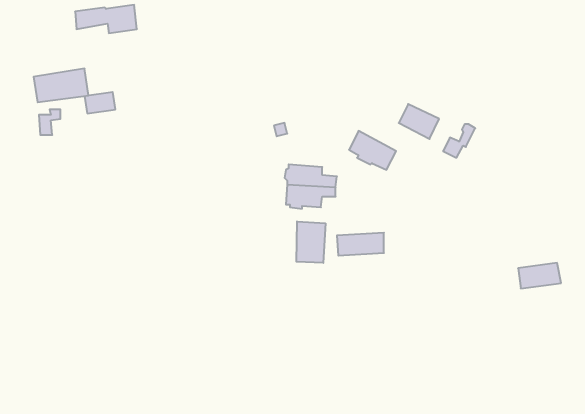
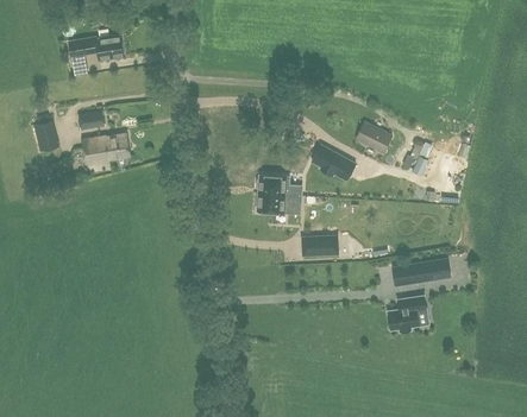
building: [34,69,89,102] -> [82,132,131,162]
building: [296,221,325,263] -> none
building: [518,263,561,288] -> [407,259,445,282]
building: none -> [388,295,427,330]

